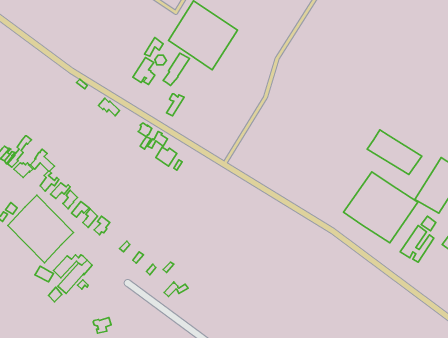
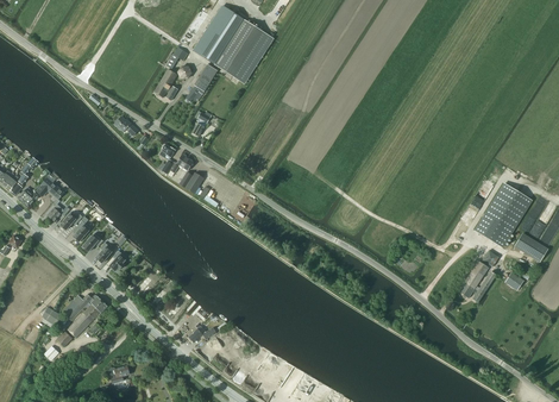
building: [367,130,422,175] -> none
building: [344,172,418,243] -> none
building: [8,195,74,263] -> none

